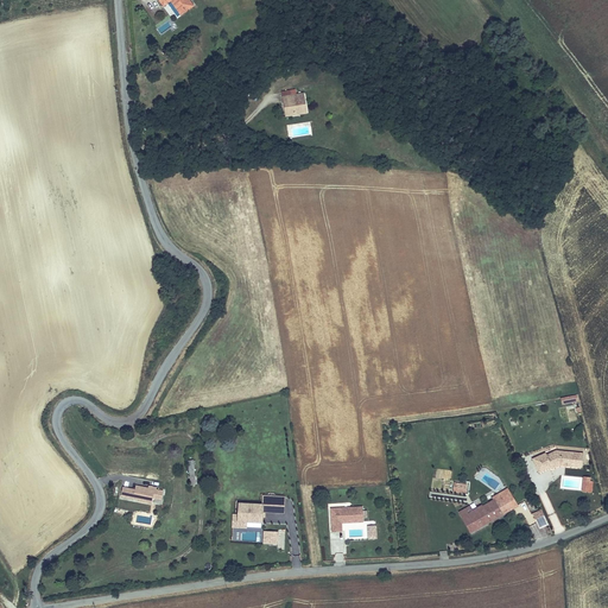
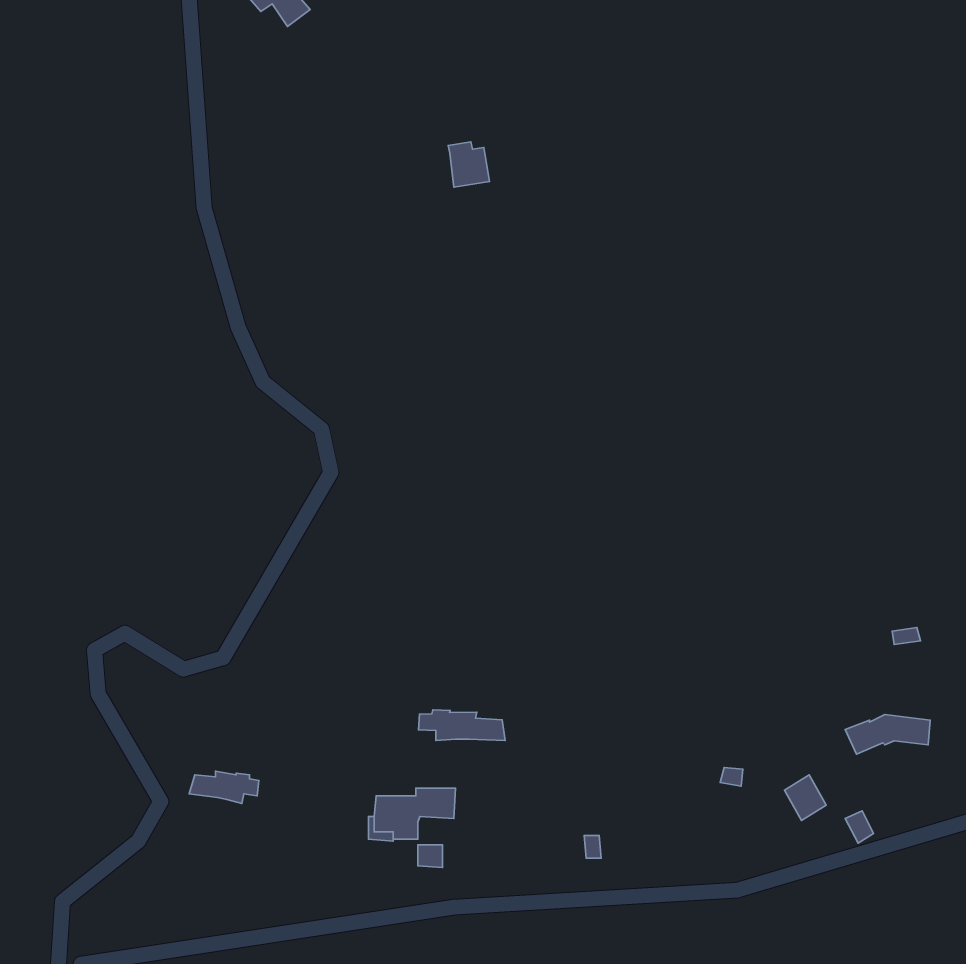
building: none -> [419,710,505,740]
building: [458,496,504,534] -> none
building: [330,506,363,532] -> none

